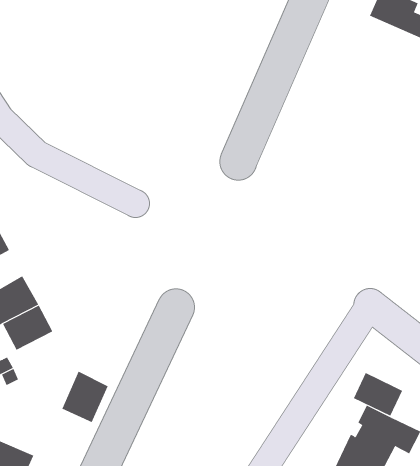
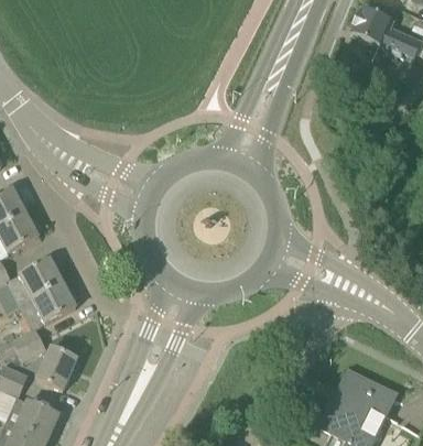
building: [62,371,109,423] -> [36,346,77,391]
building: [353,372,403,417] -> none

